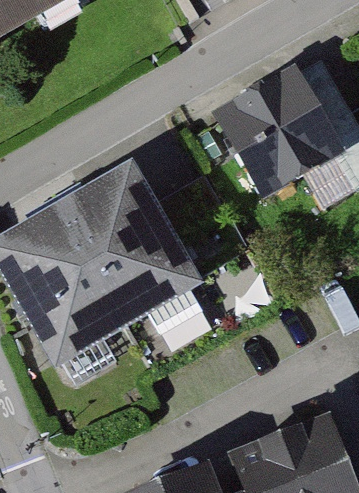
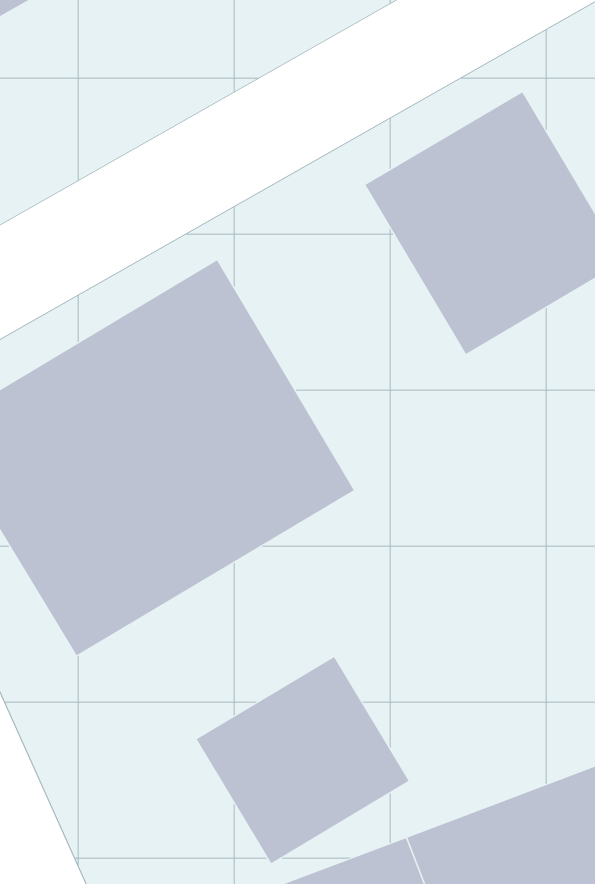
building: none -> [196,656,410,864]

